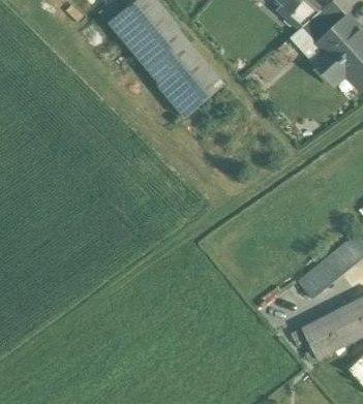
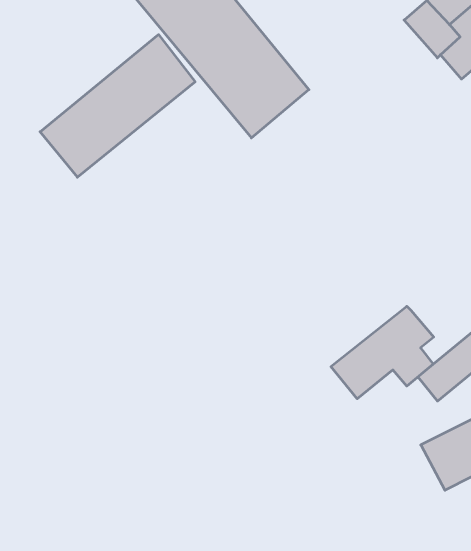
building: none -> [40,35,195,177]
building: none -> [331,306,434,399]

